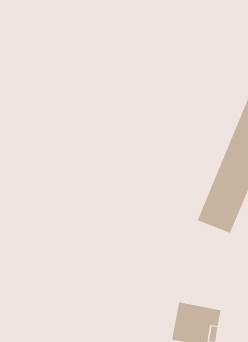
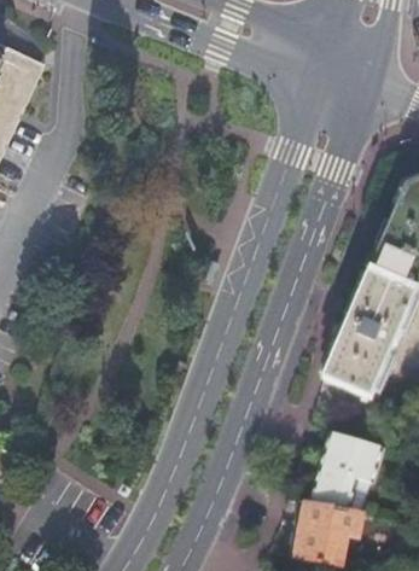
building: none -> [312,427,391,503]

